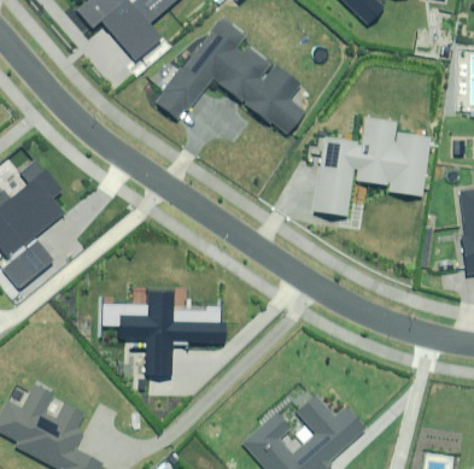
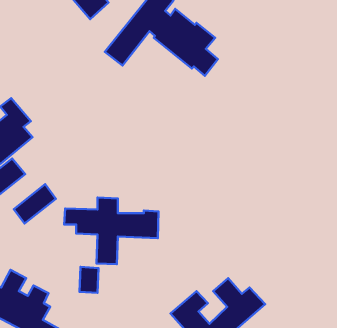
building: [314,119,429,215] -> none
building: none -> [14,184,56,223]
building: none -> [79,267,99,293]

